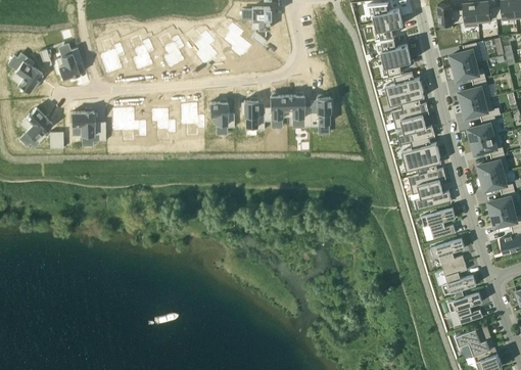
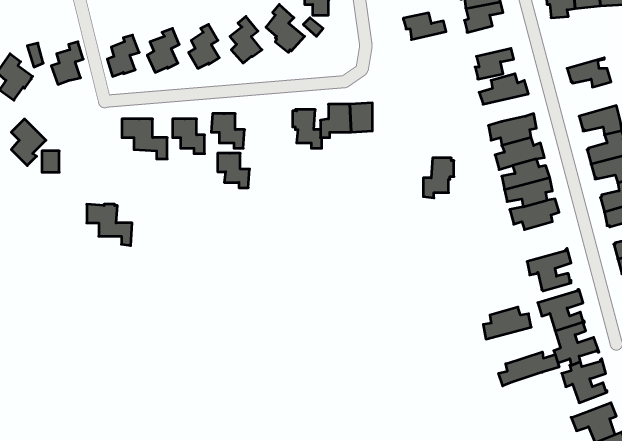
building: [376,39,409,59] -> [403,13,446,40]
building: [448,43,480,68] -> none
building: [458,79,489,105] -> none
building: [387,88,424,109] -> none
building: [307,98,331,129] -> [423,158,454,198]
building: [208,102,233,129] -> [218,153,250,188]
building: [69,111,104,143] -> [87,204,132,246]
building: [414,186,451,211] -> [483,307,531,339]
building: none -> [499,352,559,386]

